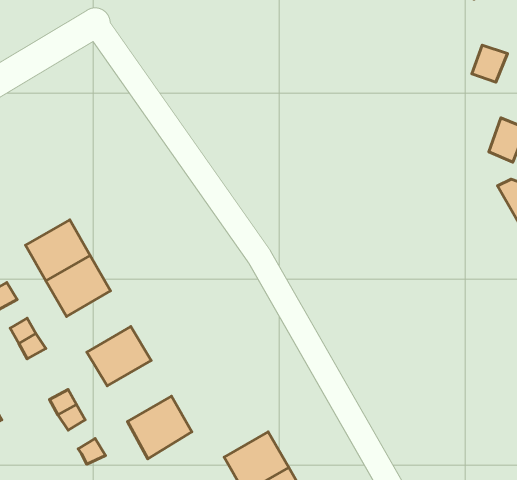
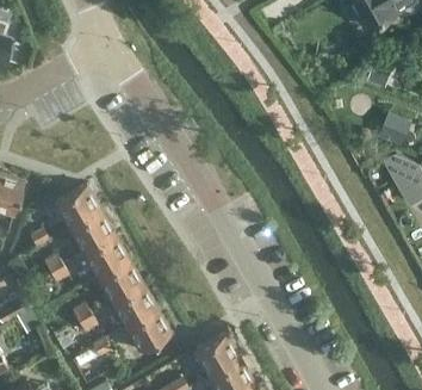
building: none -> [85,236,130,279]
building: none -> [113,285,159,328]

